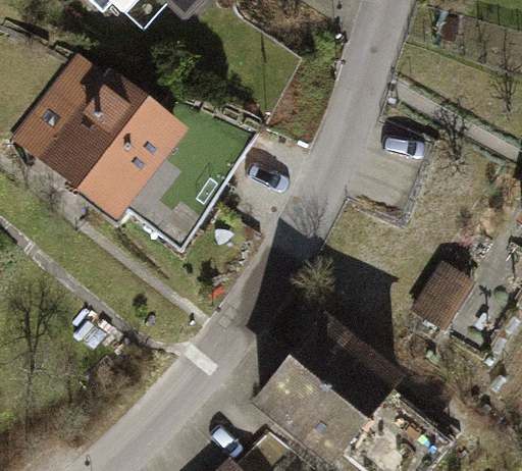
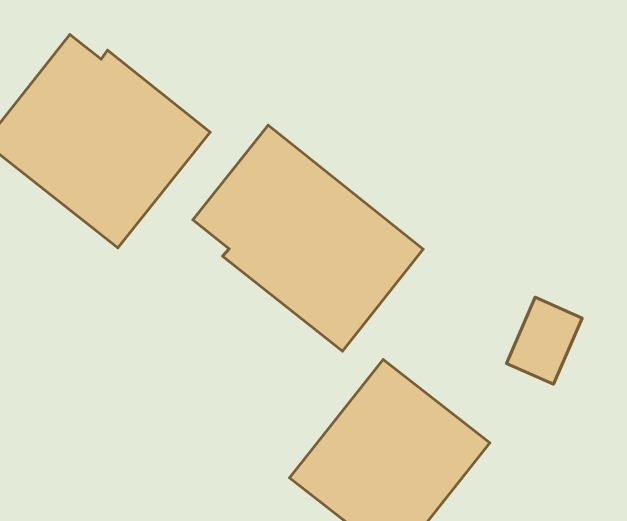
building: none -> [193,125,423,351]

